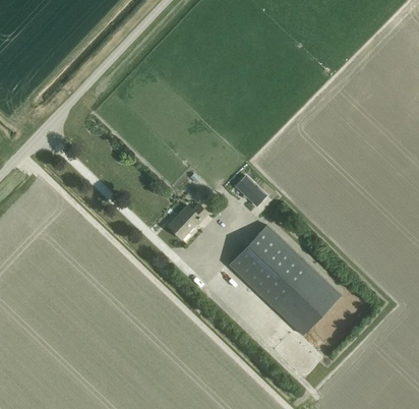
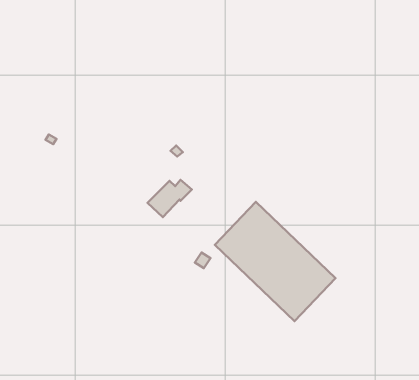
building: [235,176,265,206] -> none

